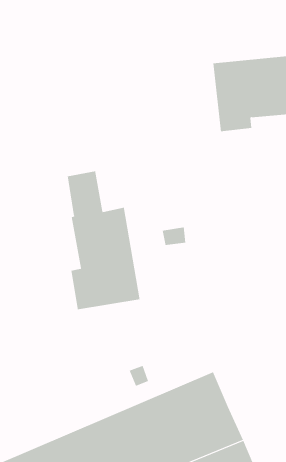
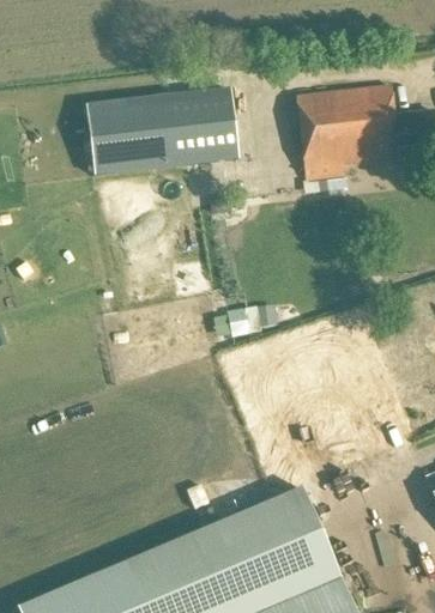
building: none -> [85,89,238,177]
building: [67,170,140,310] -> none

